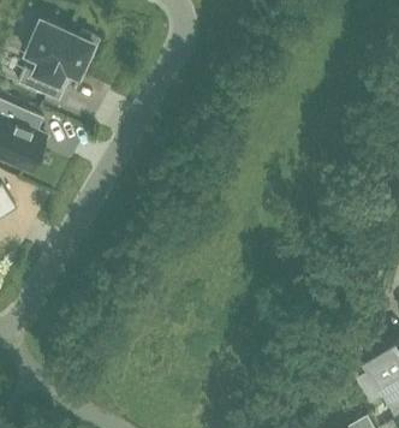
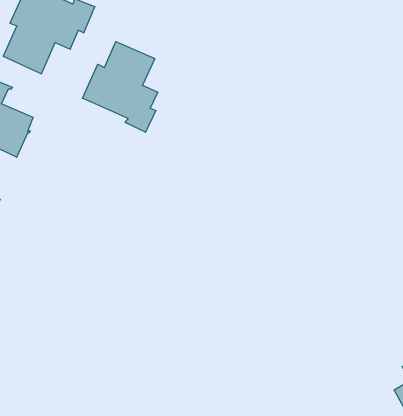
building: none -> [82,42,158,132]

